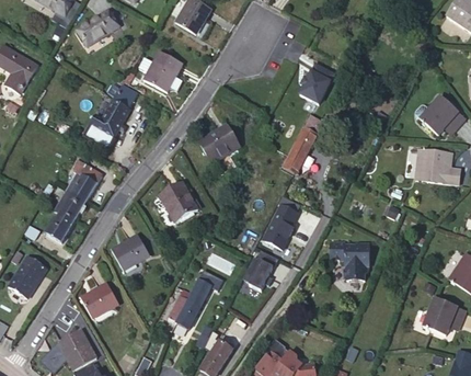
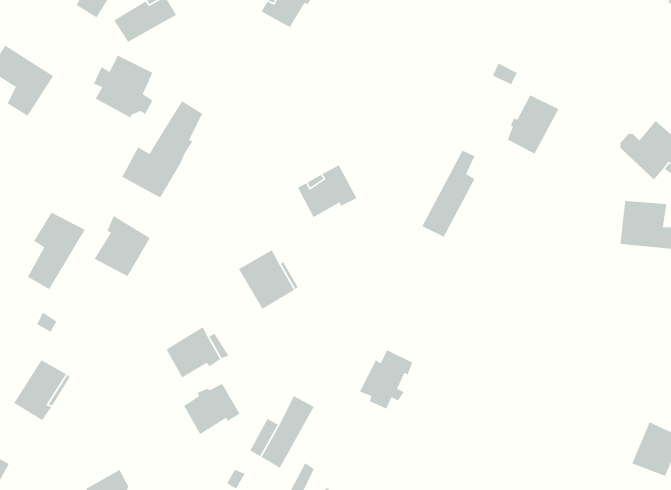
building: [142,50,183,93] -> [93,55,154,118]
building: [299,62,334,103] -> [507,94,559,155]
building: [47,189,87,241] -> [27,212,86,290]
building: [262,196,300,248] -> none
building: [328,241,369,281] -> none
building: [81,283,119,318] -> [183,383,241,435]

